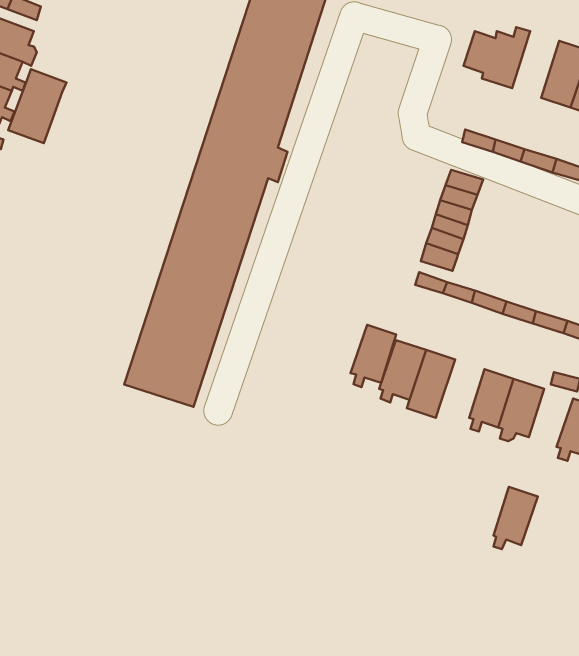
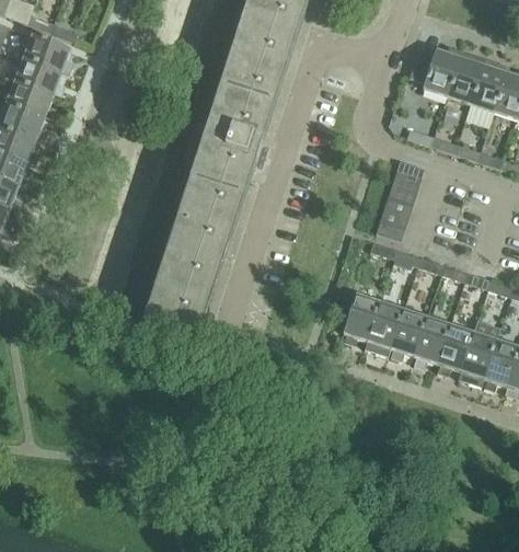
building: none -> [447,50,484,103]
building: [8,69,66,143] -> none
building: [351,325,396,387] -> [389,310,425,359]
building: [494,487,538,549] -> [460,333,495,382]

